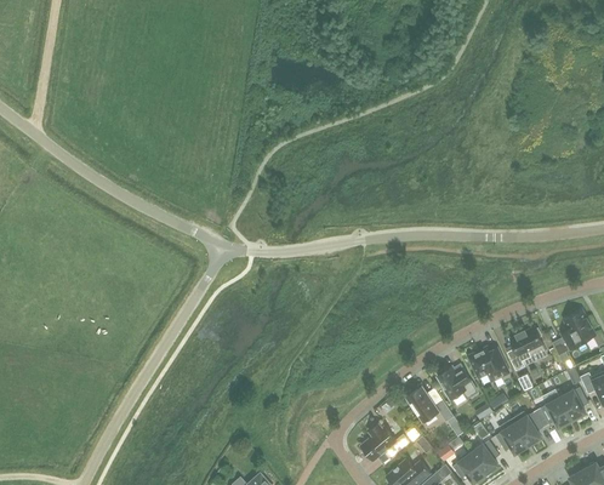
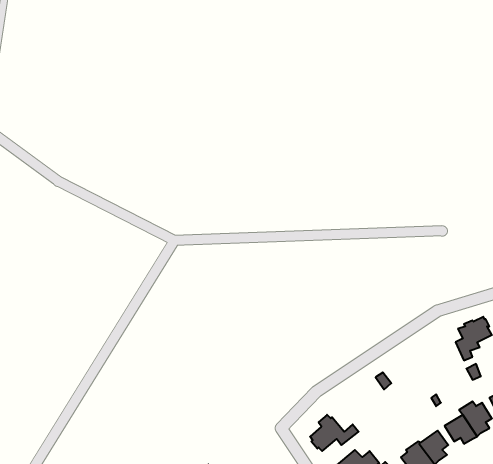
building: [467,346,509,380] -> none
building: [437,367,477,399] -> none
building: [406,386,454,422] -> none

